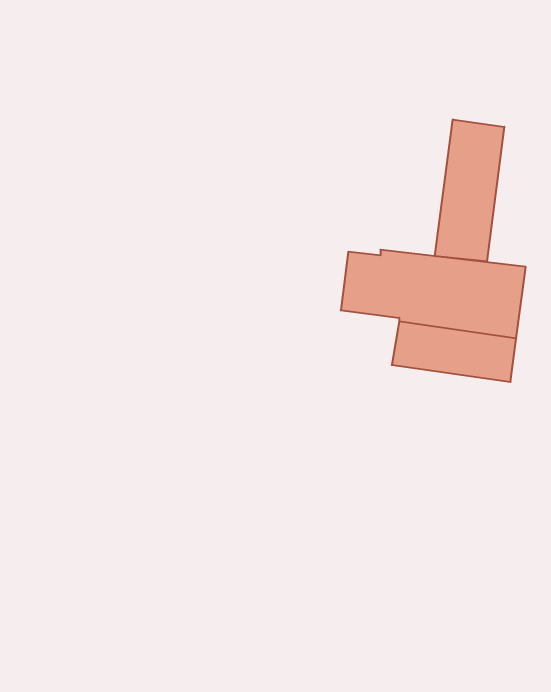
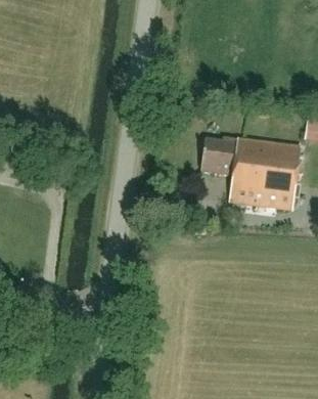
building: [435,119,504,261] -> none

